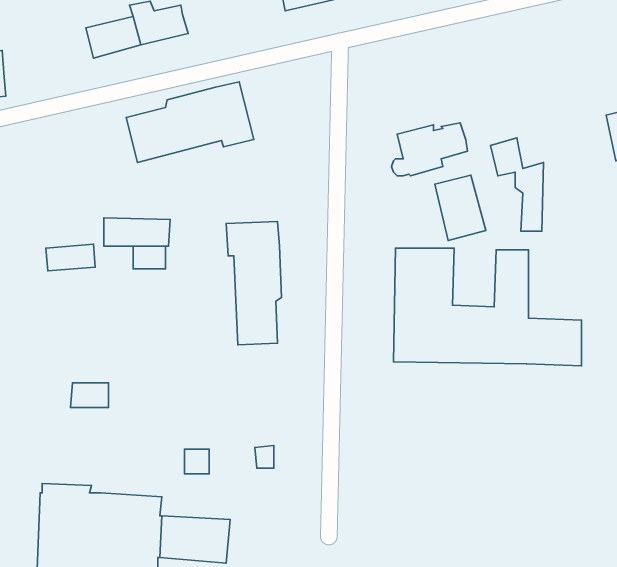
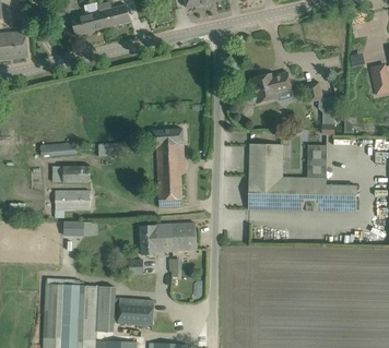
building: [126,82,254,162] -> none
building: [435,175,486,240] -> none
building: [104,218,170,246] -> [51,166,90,182]
building: none -> [55,190,90,217]
building: none -> [140,223,197,254]

